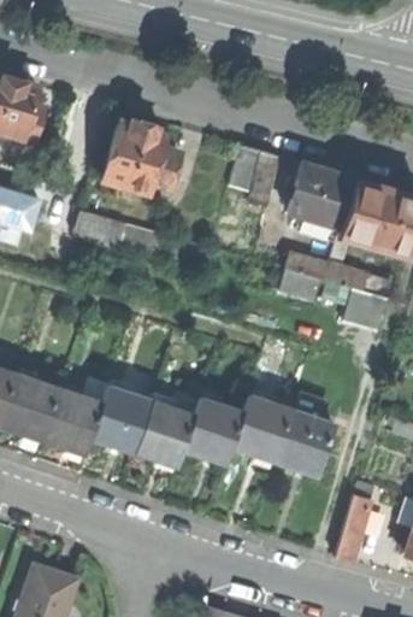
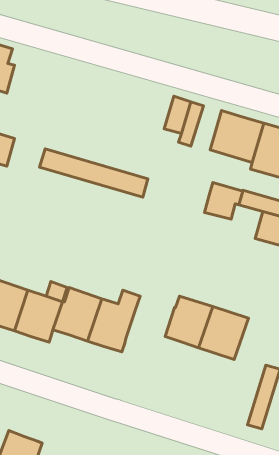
building: [101,118,178,193] -> none
building: [181,396,242,463] -> none

